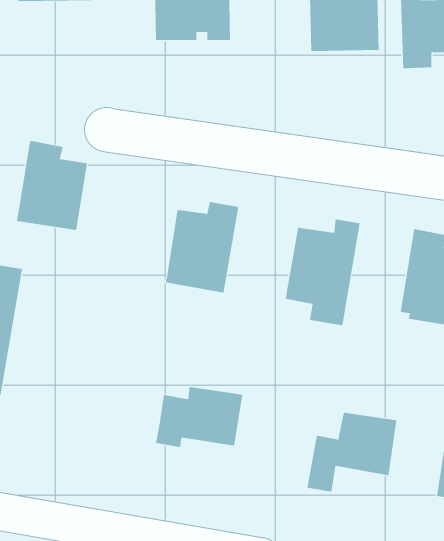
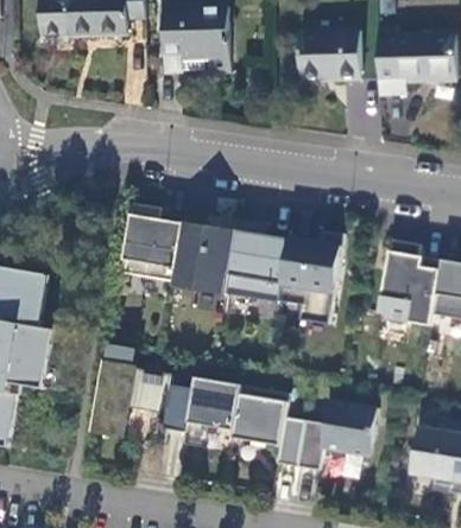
building: [16,140,88,231] -> [119,202,182,281]
building: none -> [223,218,288,303]
building: none -> [91,362,172,437]
building: none -> [232,384,304,466]

